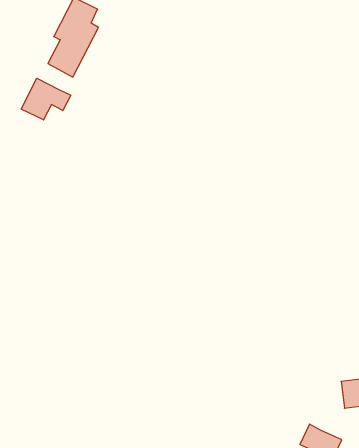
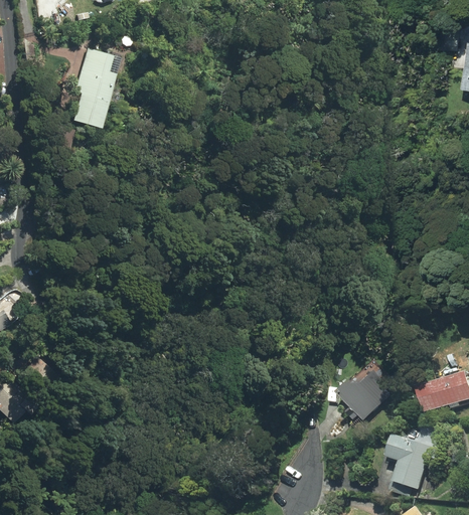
building: [21,78,71,120] -> none
building: none -> [340,365,395,420]

